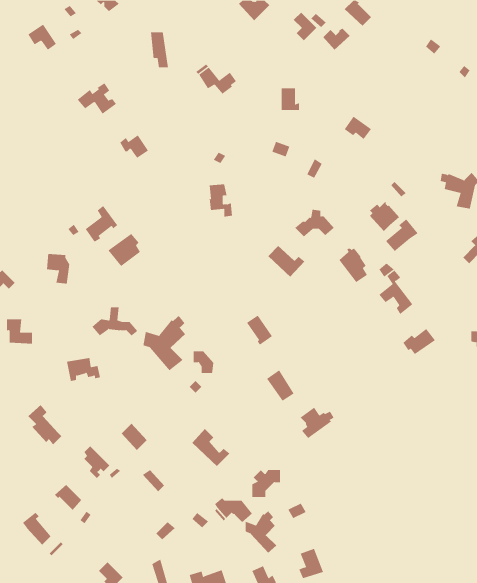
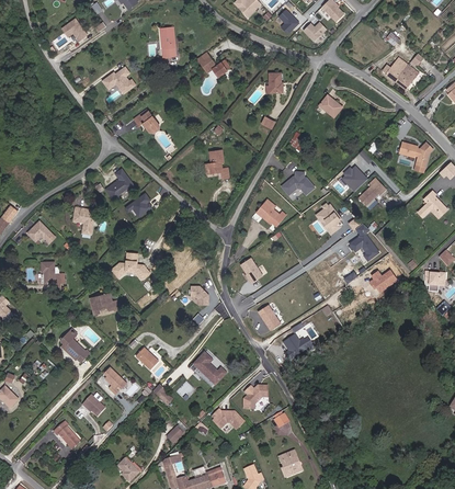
building: none -> [387,57,419,89]
building: [143,315,186,371] -> none
building: [245,510,277,553] -> none

